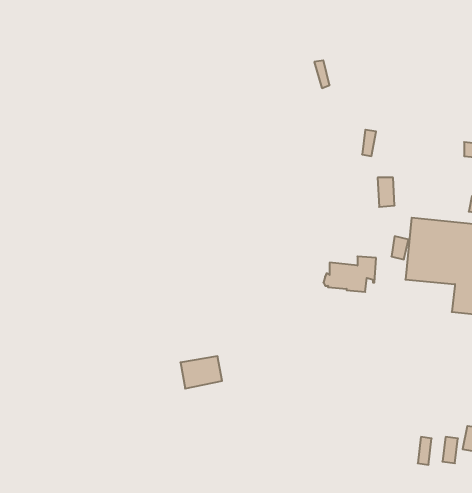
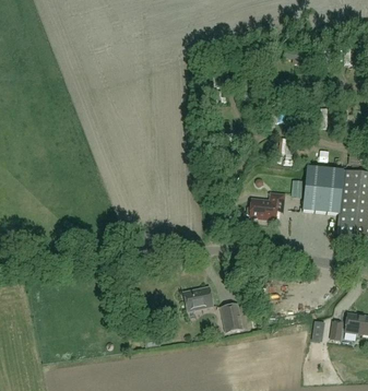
building: [180,356,222,389] -> [182,287,212,310]
building: none -> [219,304,241,332]

